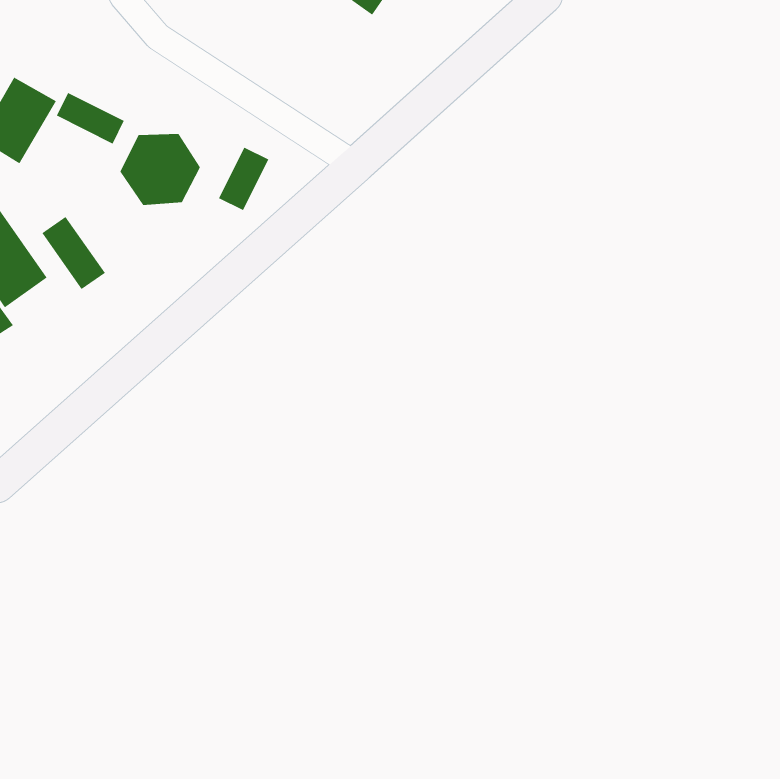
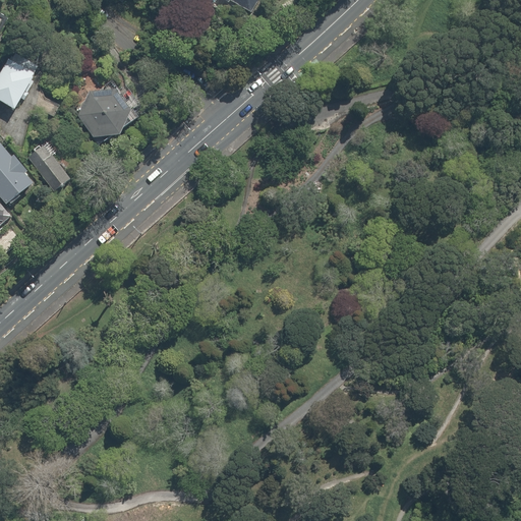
building: [56,92,124,144] -> none
building: [218,147,269,211] -> none

